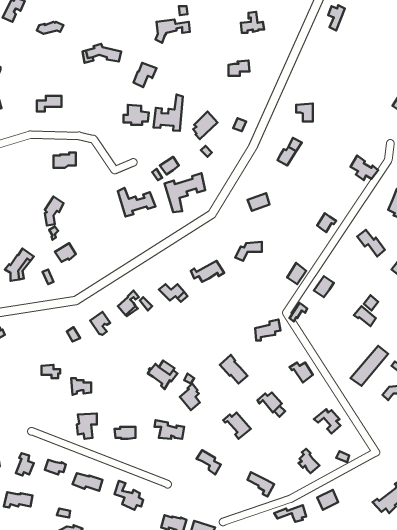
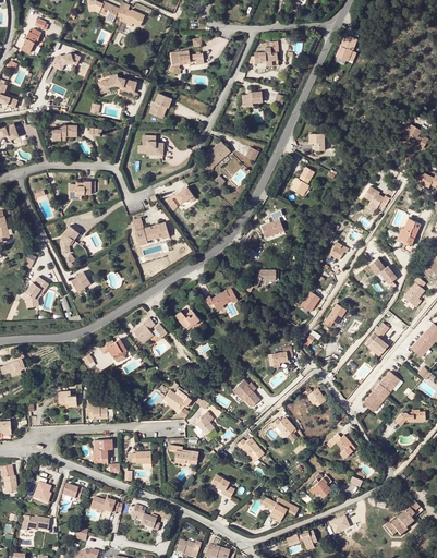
building: [153,94,183,131] -> none
building: [164,173,205,212] -> none

